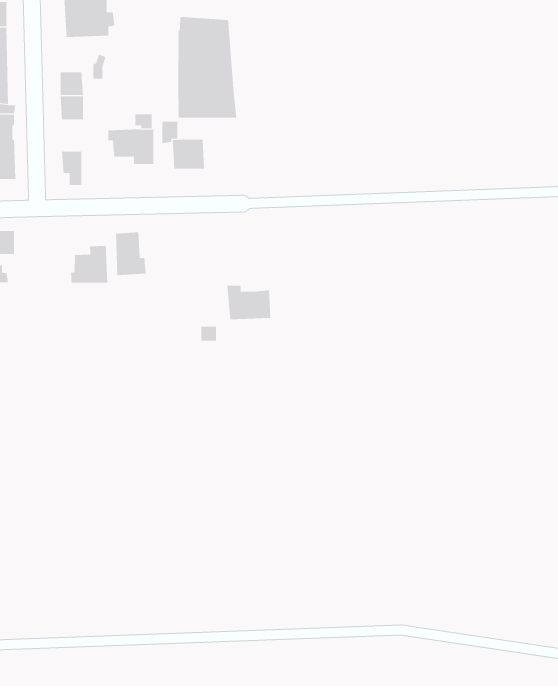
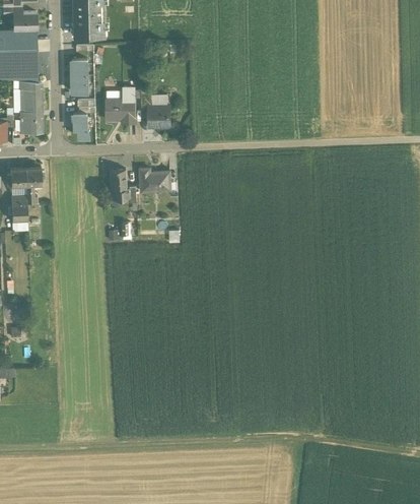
building: [178,16,237,118] -> none
building: [71,245,108,284] -> none
building: [226,285,271,320] -> [139,168,169,191]

